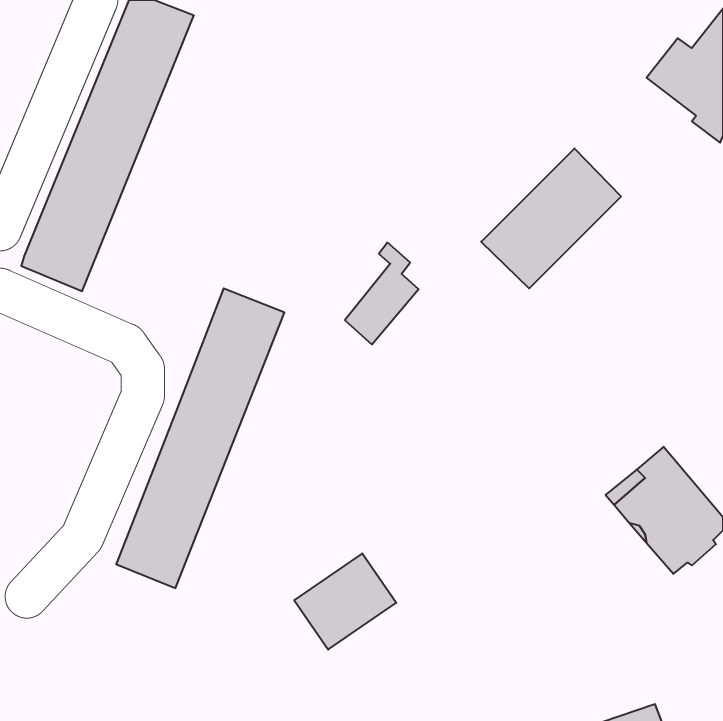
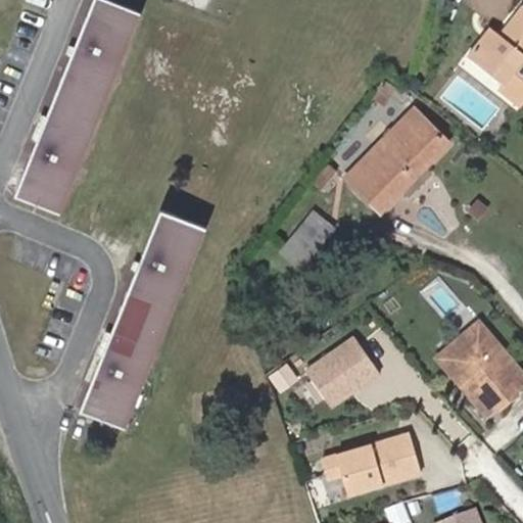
building: [345,243,419,344] -> [281,193,334,267]
building: [294,553,396,650] -> [304,338,378,408]
building: none -> [321,433,421,494]

